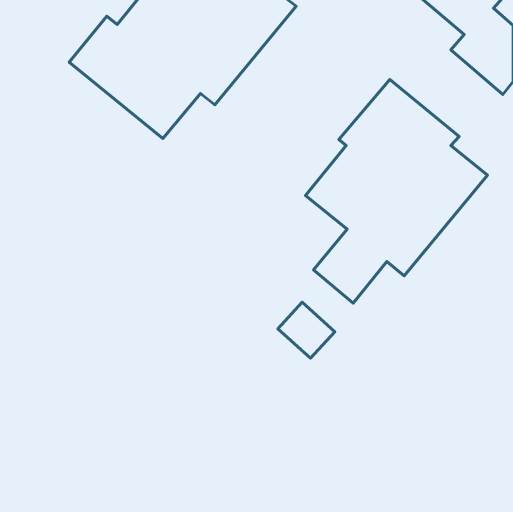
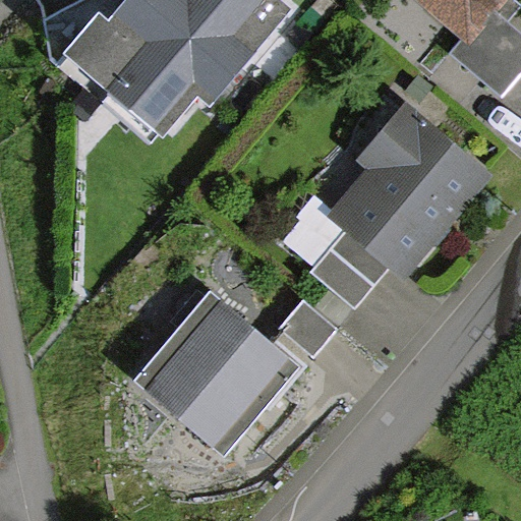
building: none -> [129,291,301,463]

